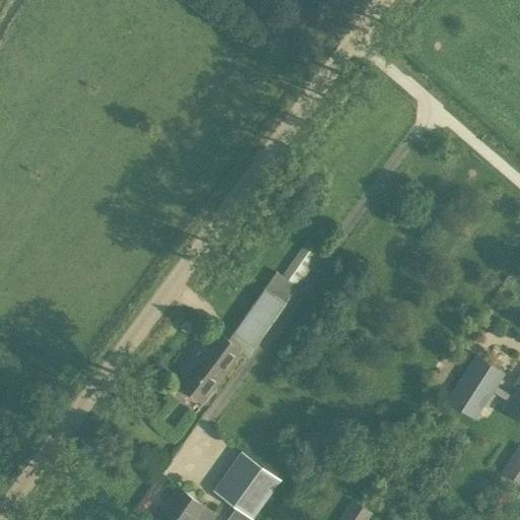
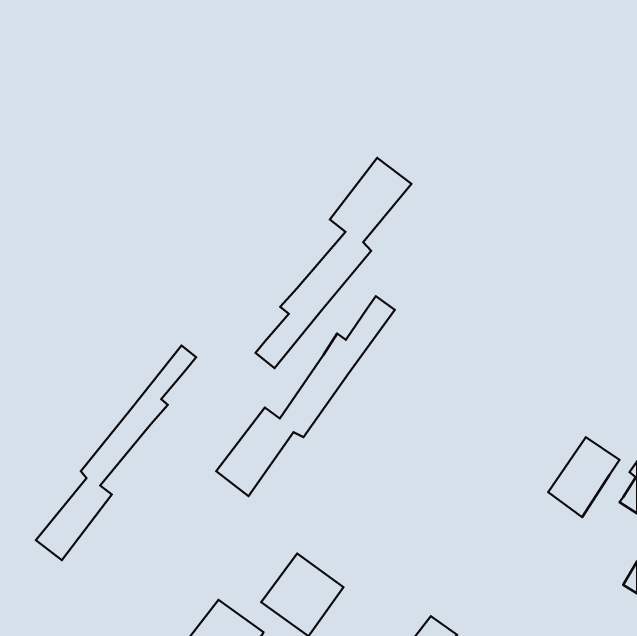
building: none -> [255,158,412,368]
building: none -> [36,346,196,560]

